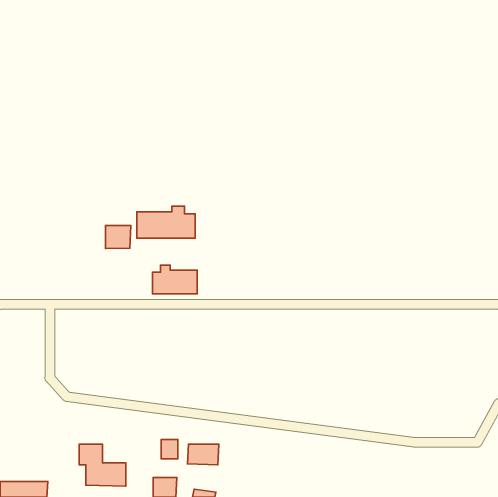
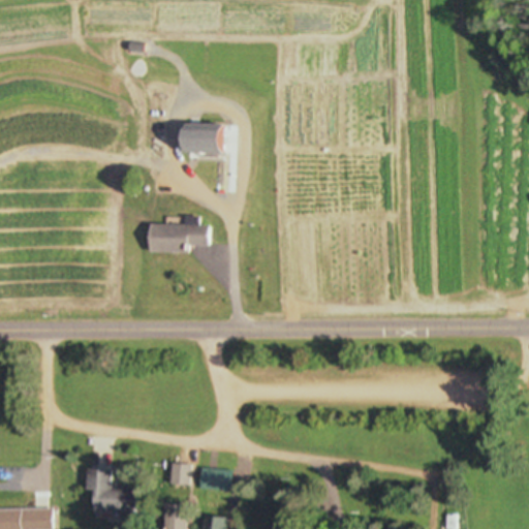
building: none -> [175,125,224,154]
building: [106,225,131,248] -> none
building: [152,265,197,294] -> none

